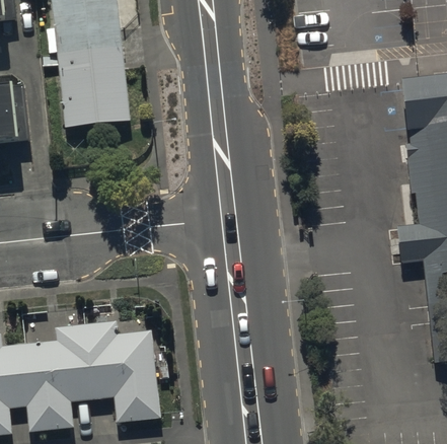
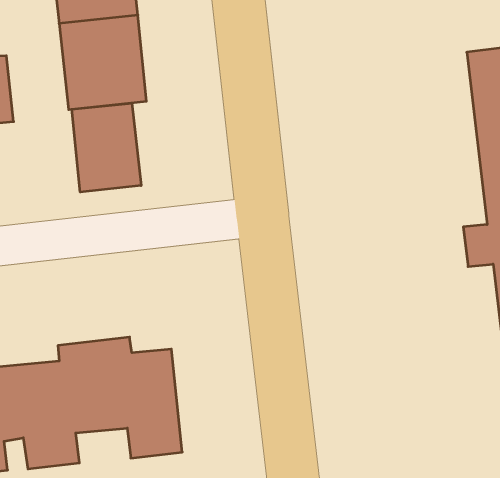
building: none -> [72,103,141,192]

